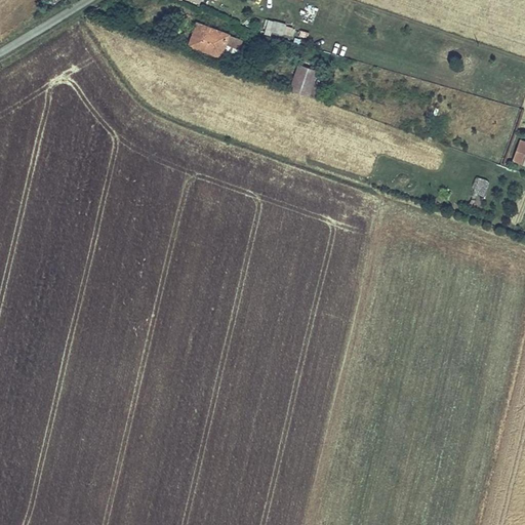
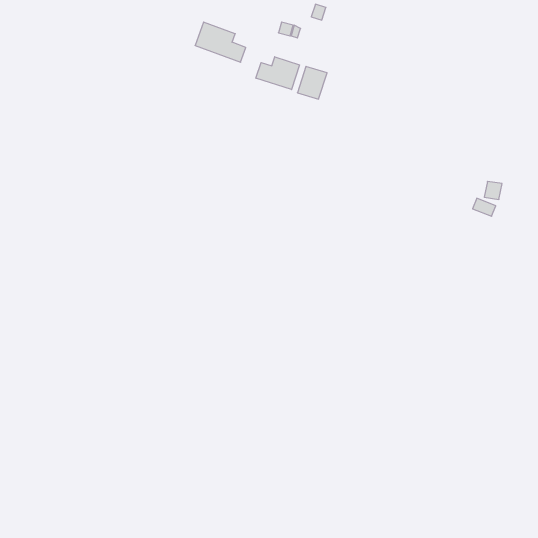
building: none -> [256,57,300,90]

